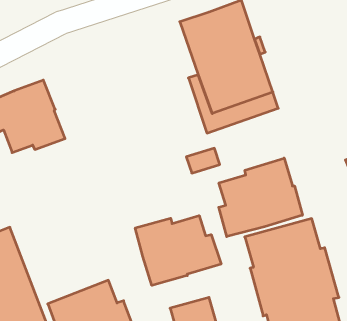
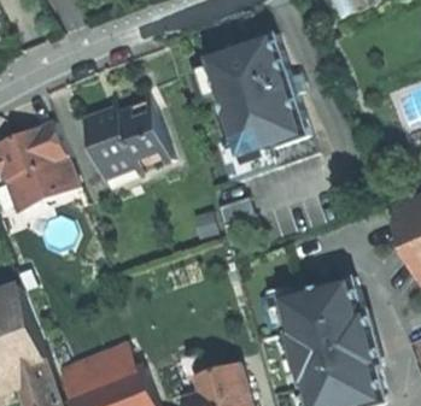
building: none -> [84,87,171,176]
building: [219,158,302,237] -> none
building: [135,216,221,285] -> none

